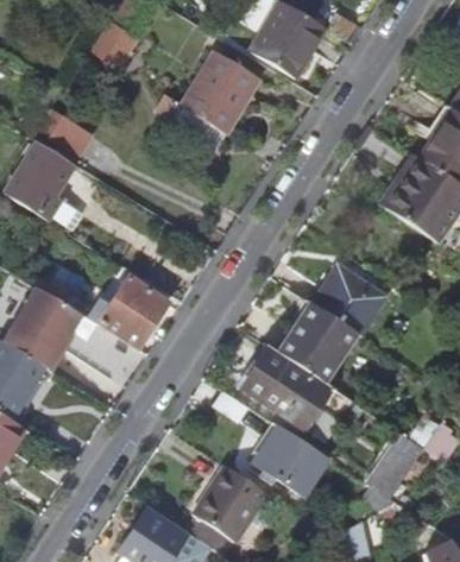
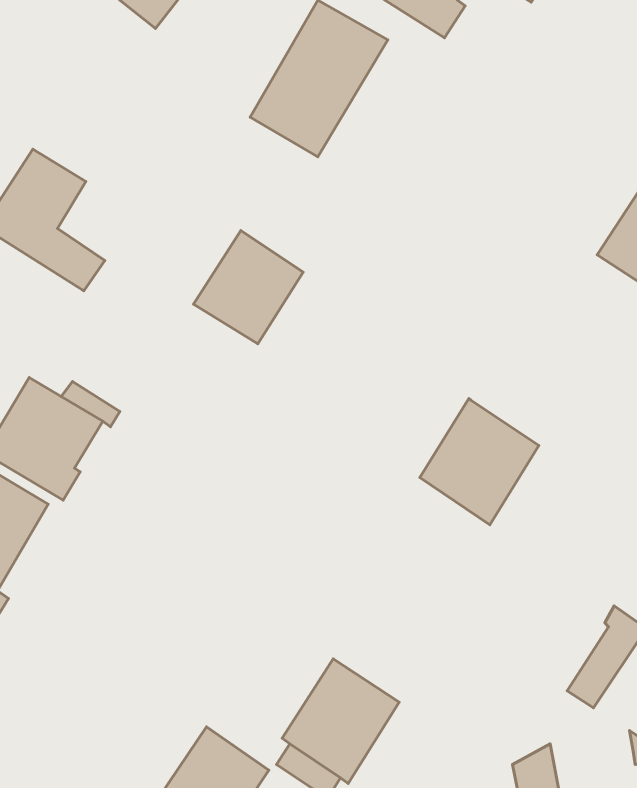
building: [40,114,84,160] -> none
building: [311,260,390,335] -> none
building: [97,276,166,347] -> [194,231,303,344]
building: [241,345,330,427] -> none
building: [256,425,327,493] -> none

